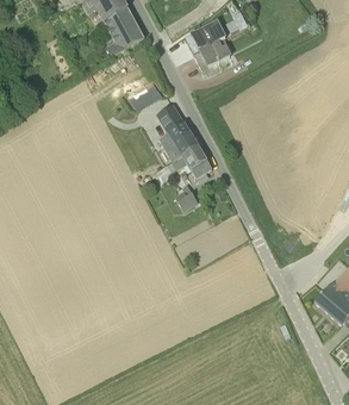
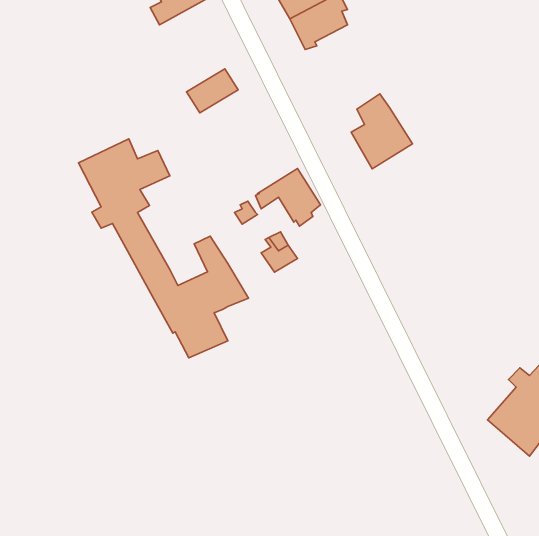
building: [160,113,198,160] -> [351,94,412,169]
building: none -> [78,139,248,358]

